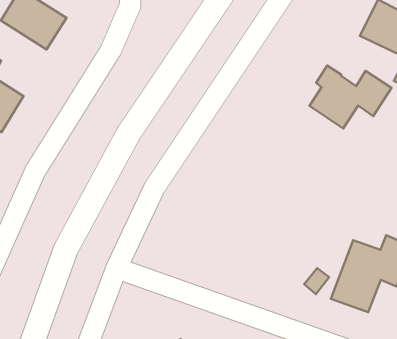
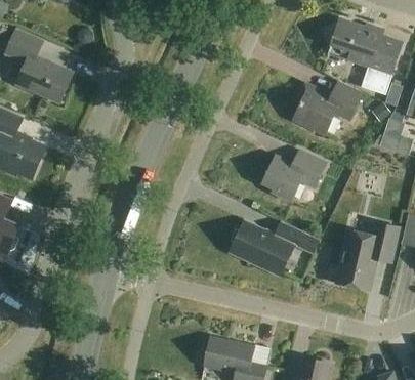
building: none -> [262,150,326,201]
building: none -> [230,220,319,276]

